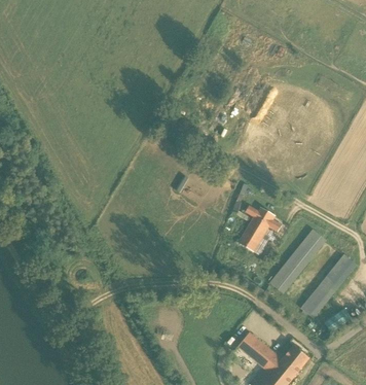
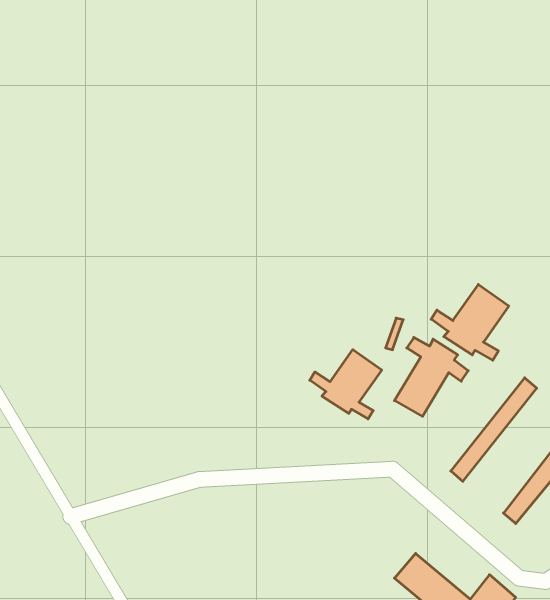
building: none -> [431,284,509,360]
building: none -> [310,350,382,419]

